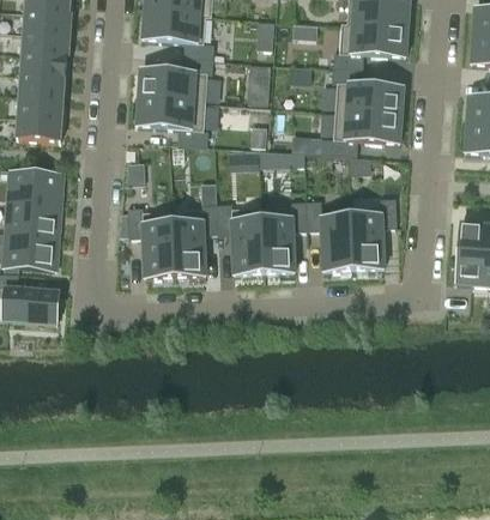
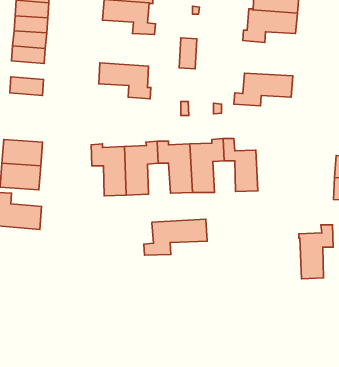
building: [138,56,212,101] -> none
building: [331,66,403,114] -> none
building: [17,93,62,119] -> none
building: [7,168,62,204] -> none
building: [349,196,395,270] -> [299,225,333,279]
building: none -> [144,219,207,255]

